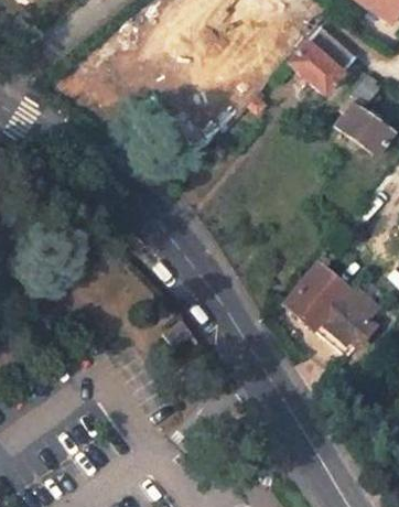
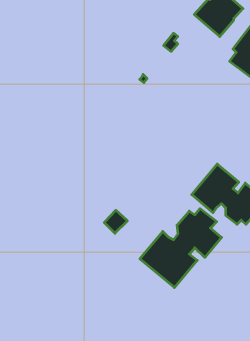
building: none -> [140,209,222,288]

